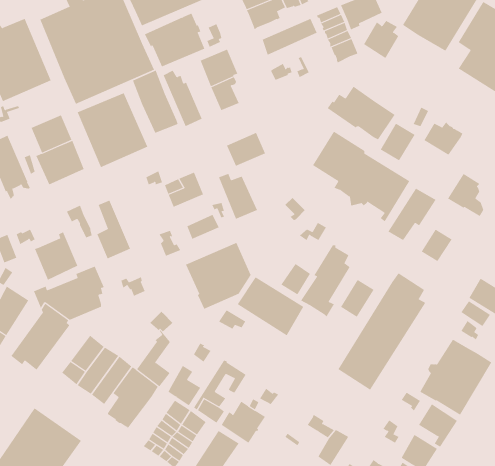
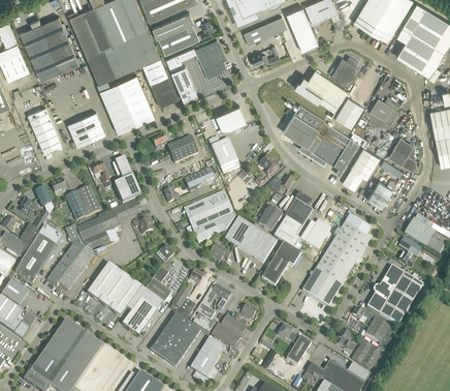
building: [363,20,399,59] -> [330,57,358,87]
building: [31,114,72,153] -> none
building: none -> [260,237,300,287]

